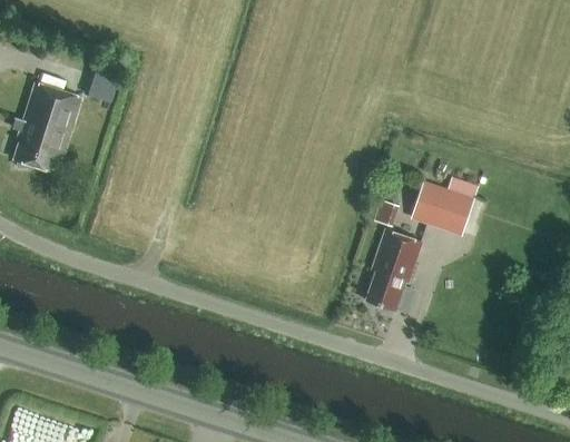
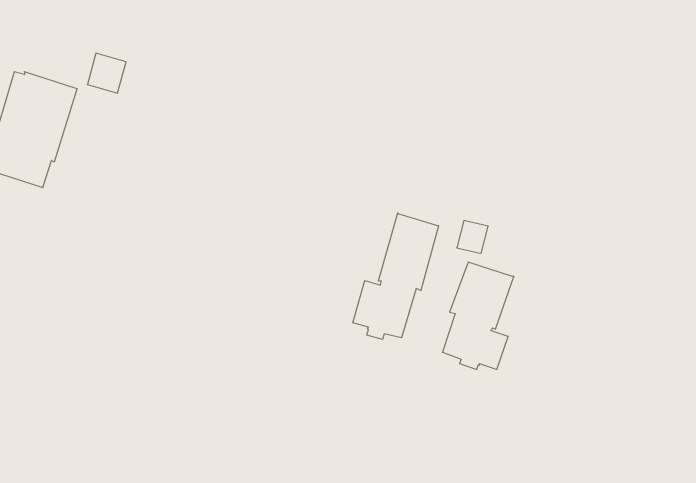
building: [410,177,478,236] -> none
building: none -> [353,213,439,339]

